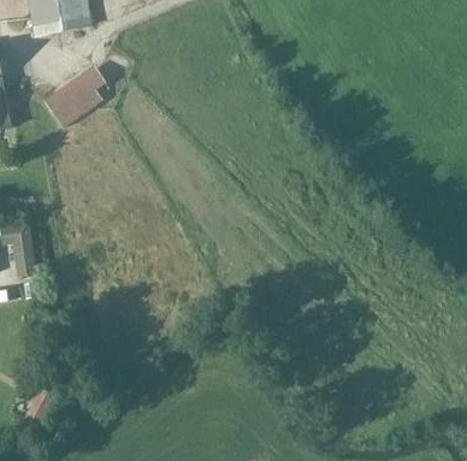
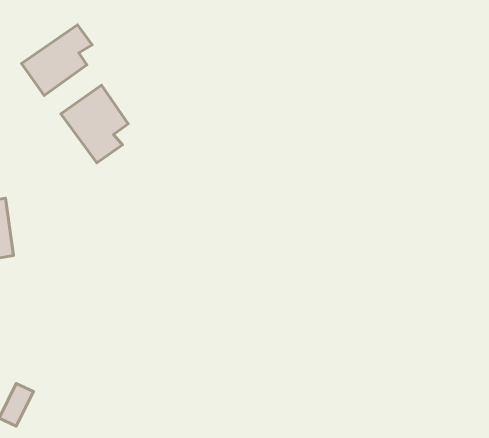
building: none -> [61,85,128,163]

